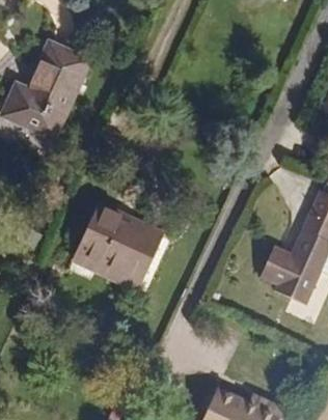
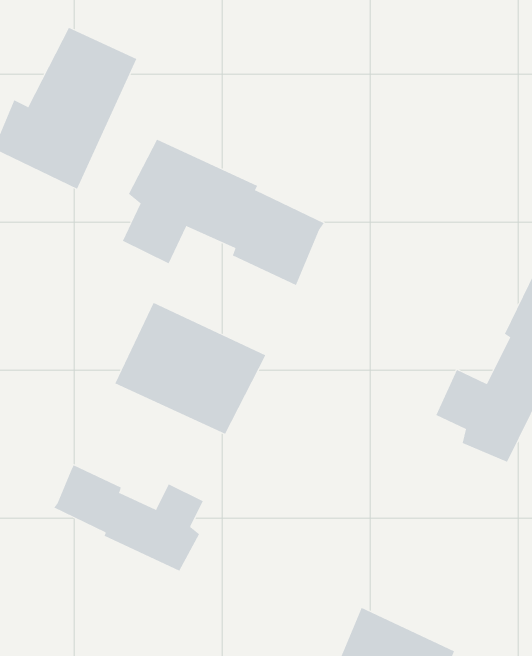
building: none -> [122,139,325,286]
building: none -> [53,465,203,572]

